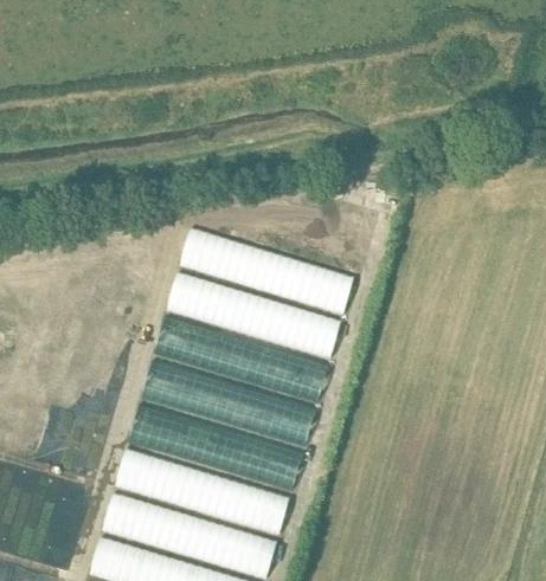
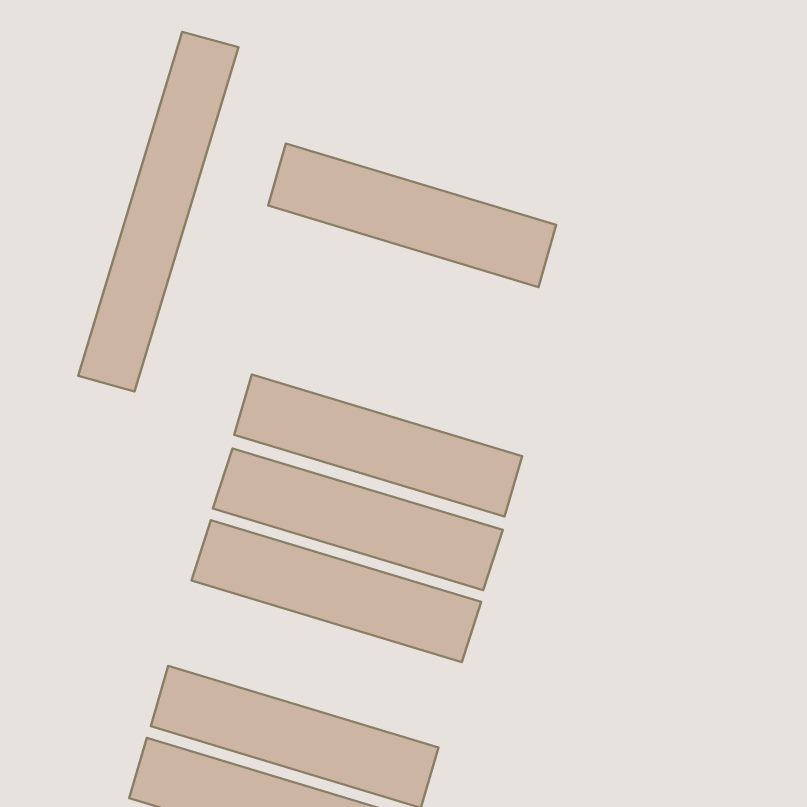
building: none -> [78,32,239,391]
building: [178,228,353,316] -> [268,143,556,287]
building: [127,405,302,491] -> none

